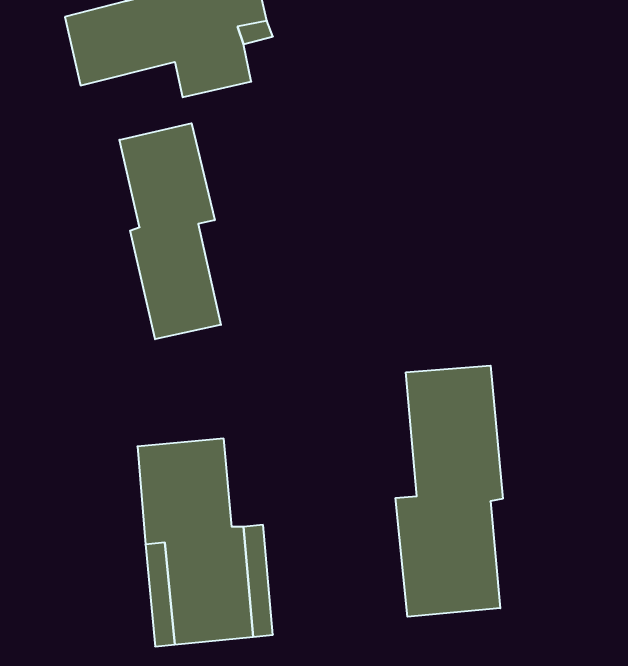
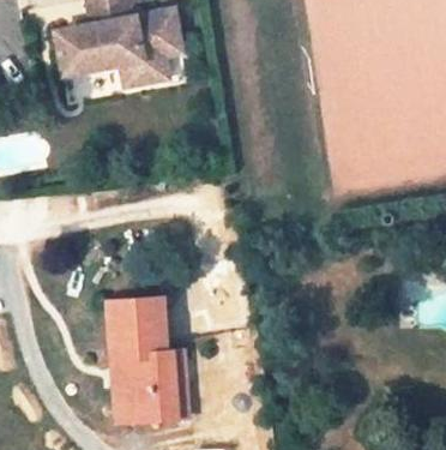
building: [119,123,221,339] -> none
building: [396,366,503,617] -> none

